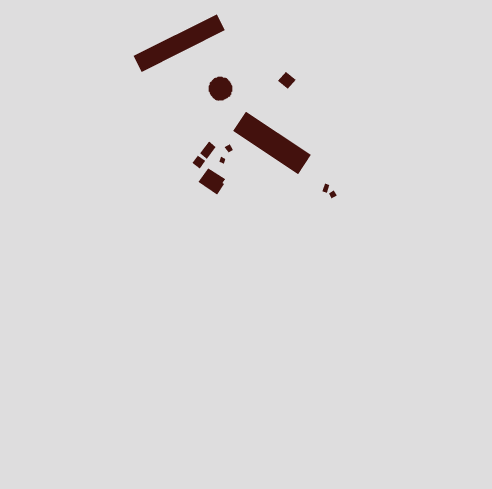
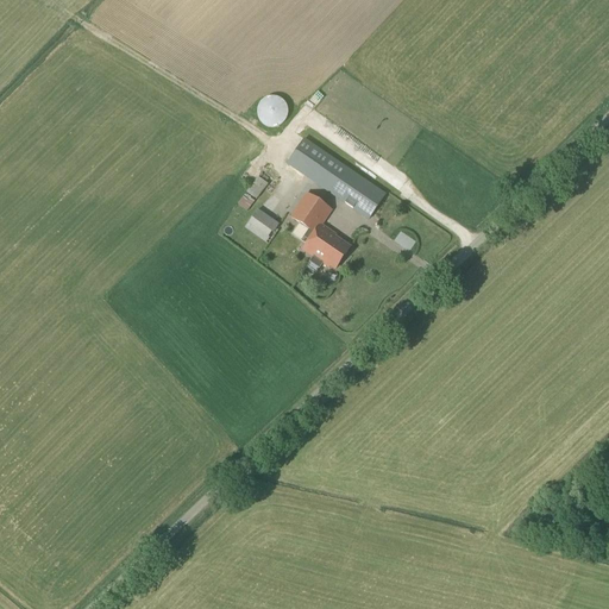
building: [133,13,226,73] -> none
building: none -> [291,192,349,266]

